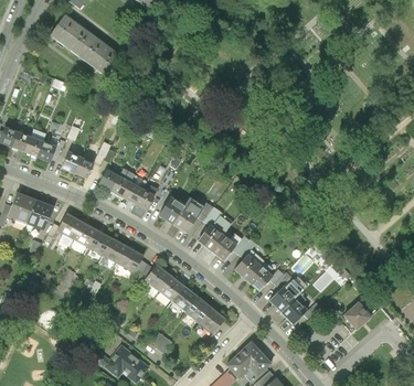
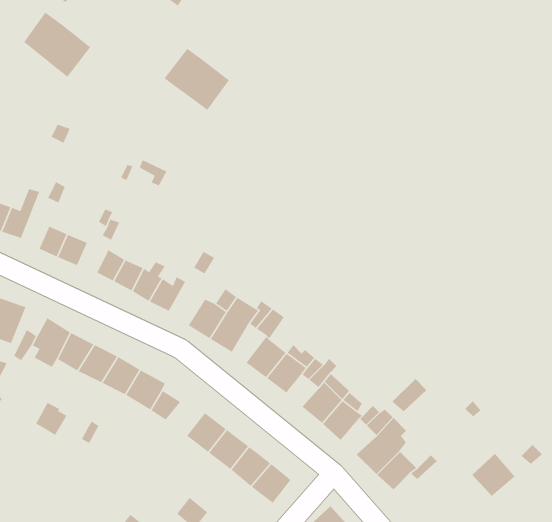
building: [79,39,123,79] -> [163,48,230,111]
building: [139,266,169,297] -> none

